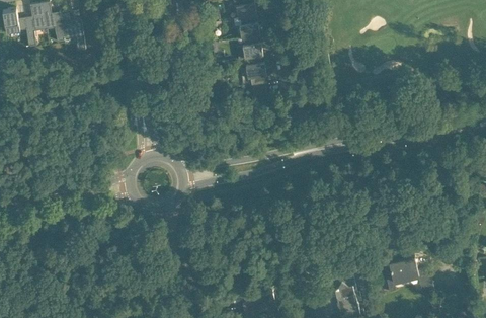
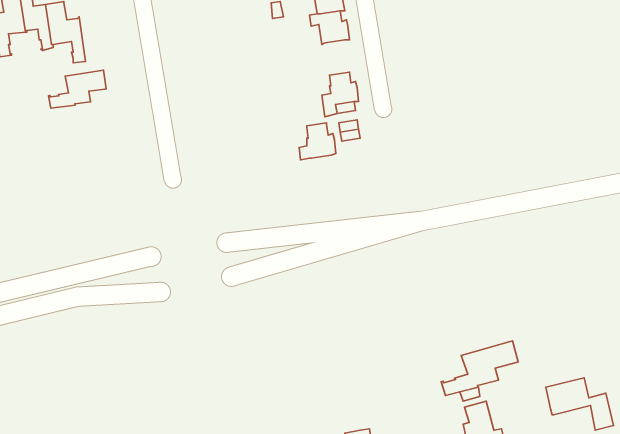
building: [238,34,262,59] -> [299,123,336,160]
building: none -> [49,70,106,108]
building: none -> [441,341,518,396]

